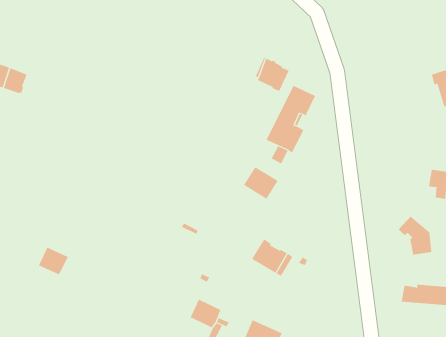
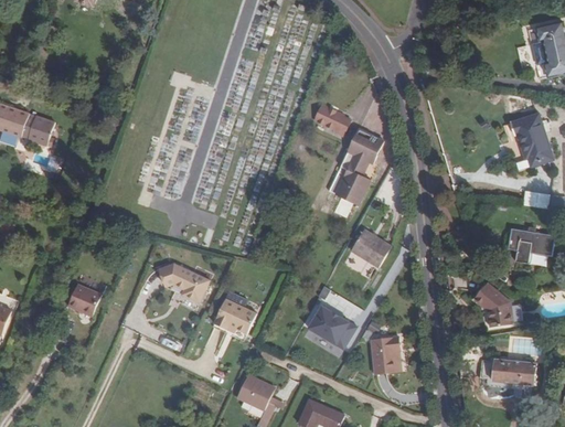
building: [243,166,278,200] -> [351,229,391,267]
building: none -> [159,264,211,301]
building: none -> [214,299,255,334]
building: [38,247,68,275] -> [66,281,100,313]
building: none -> [371,335,401,373]

